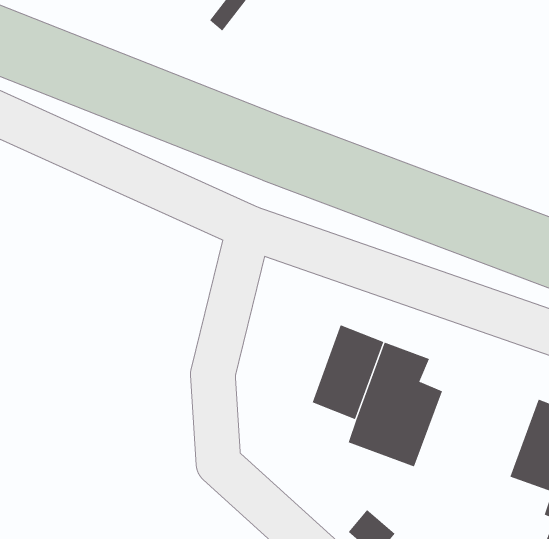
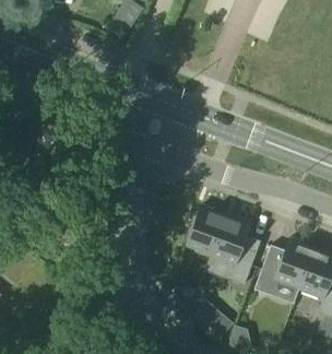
building: none -> [261,237,315,291]

